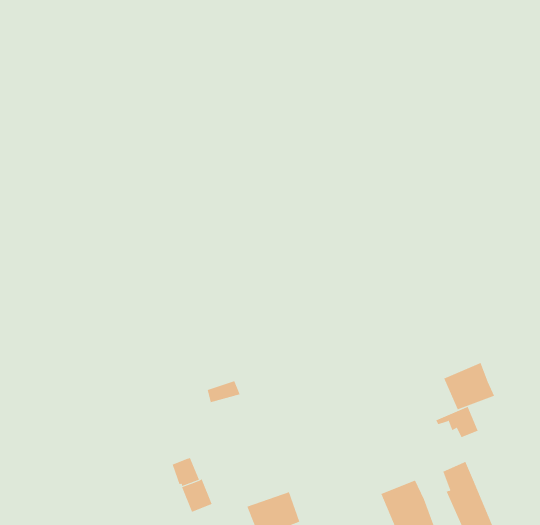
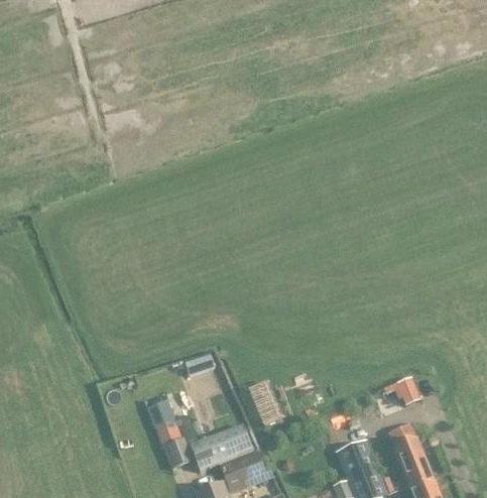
building: [444,362,495,410] -> none
building: none -> [146,398,174,427]
building: none -> [191,423,253,470]

